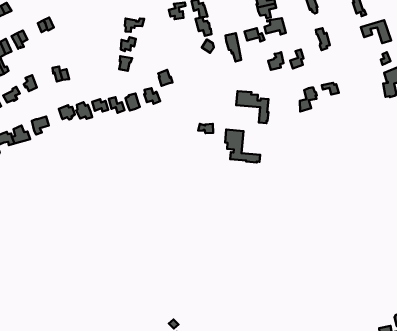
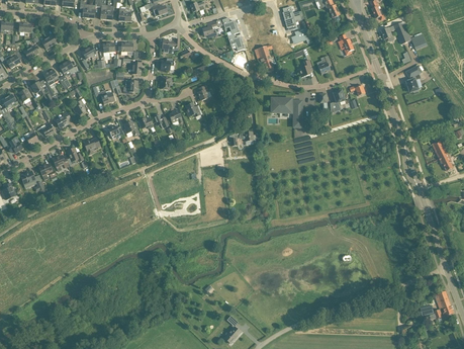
building: [225,130,260,163] -> none

